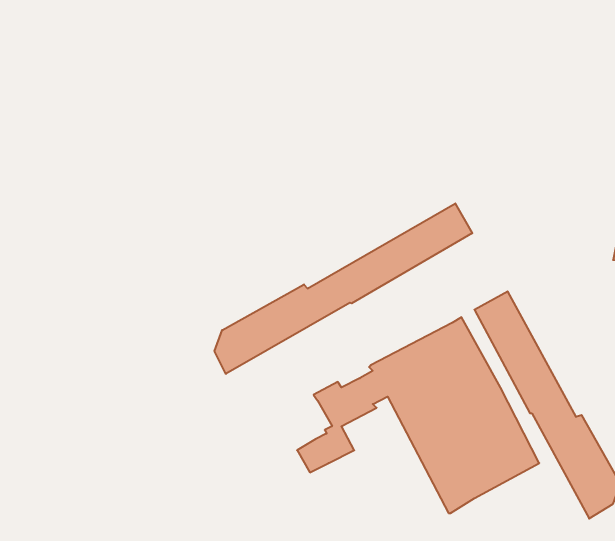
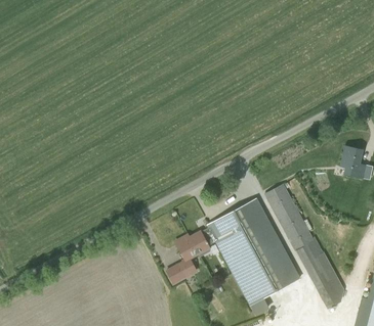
building: [215,203,472,374] -> none

